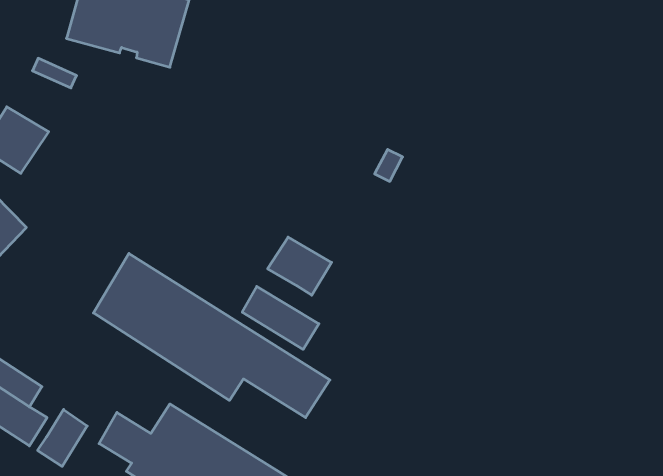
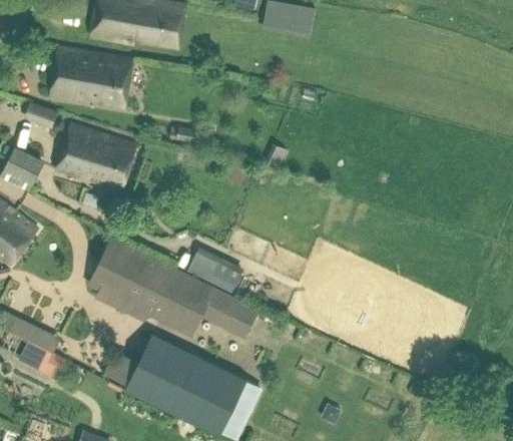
building: none -> [55,124,136,190]
building: [268,237,332,295] -> none
building: [38,409,87,466] -> none

